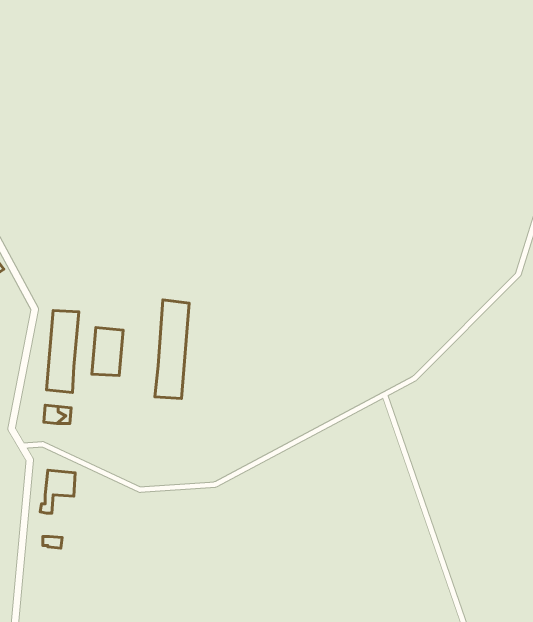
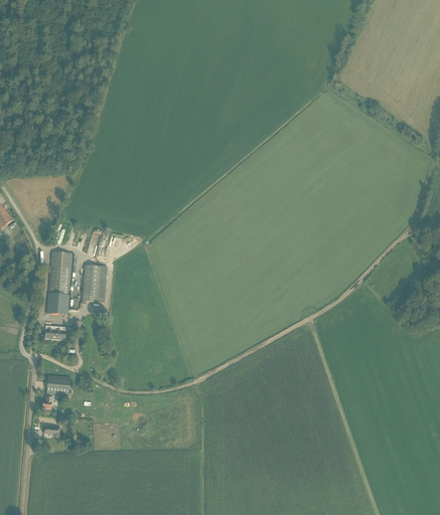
building: [155,300,189,399] -> none

